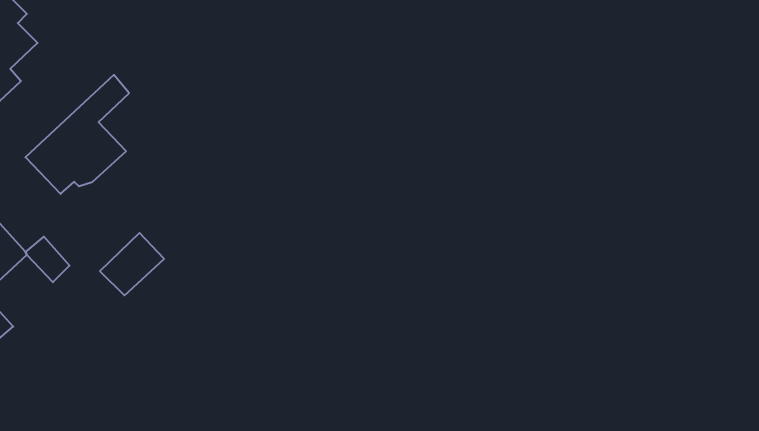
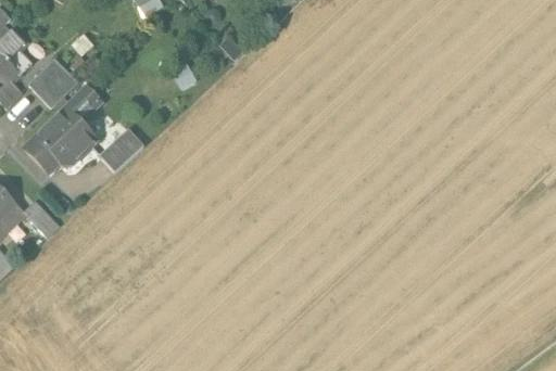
building: none -> [28,59,78,107]
building: [100,233,164,295] -> [98,128,143,172]

